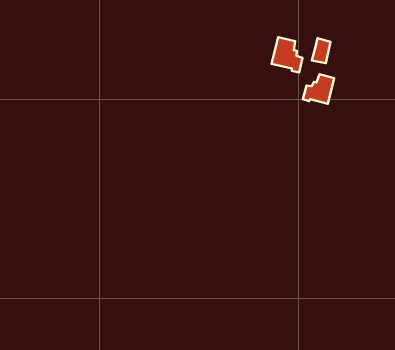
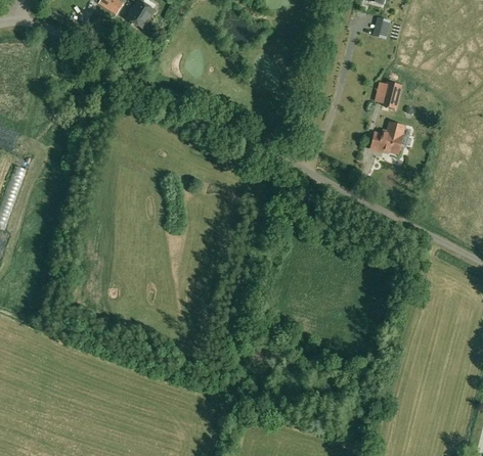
building: [272,37,303,72] -> none

